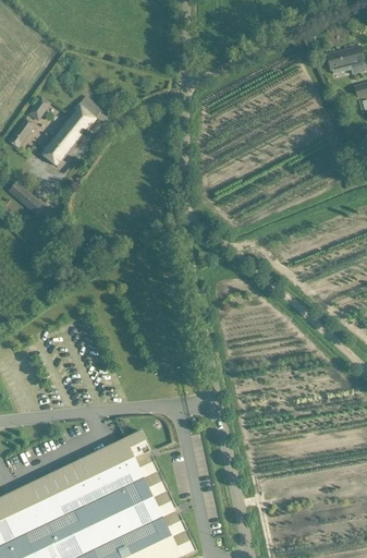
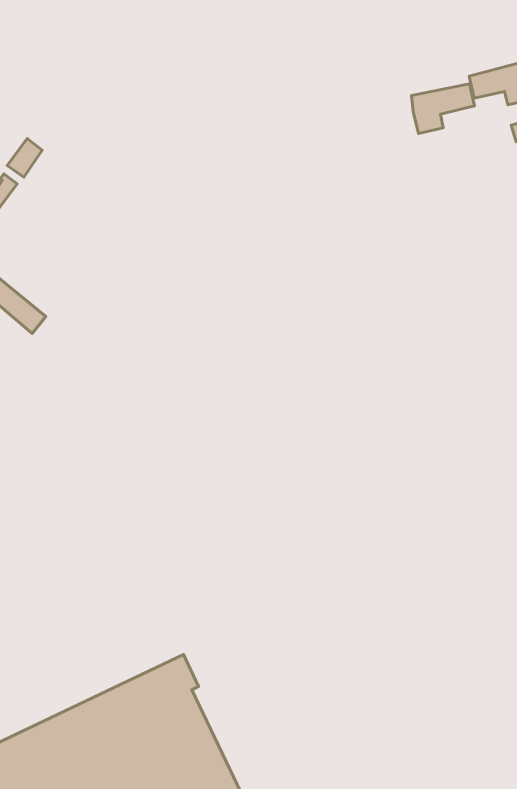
building: none -> [411,84,475,134]
building: [39,96,101,167] -> none

